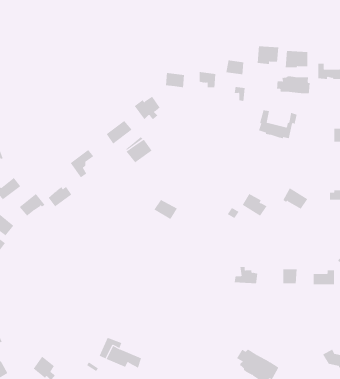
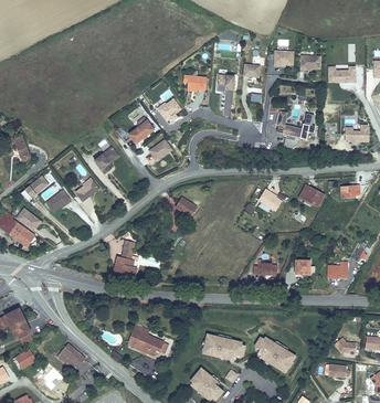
building: [277,76,310,94] -> none
building: none -> [112,238,135,274]
building: none -> [202,333,244,360]

